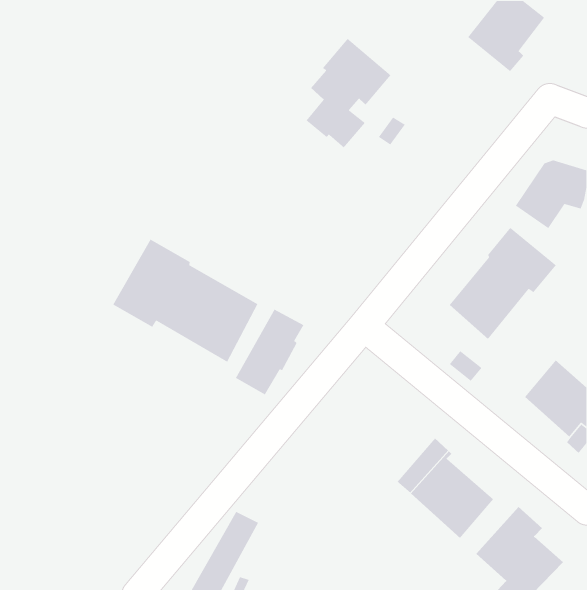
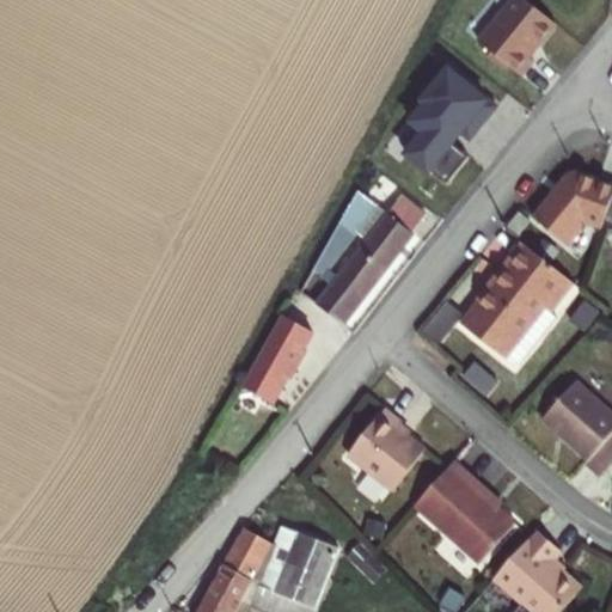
building: [306,38,392,148] -> [415,78,503,191]
building: none -> [301,202,429,335]
building: [112,239,259,363] -> none
building: none -> [341,403,418,484]
building: none -> [262,527,335,600]

